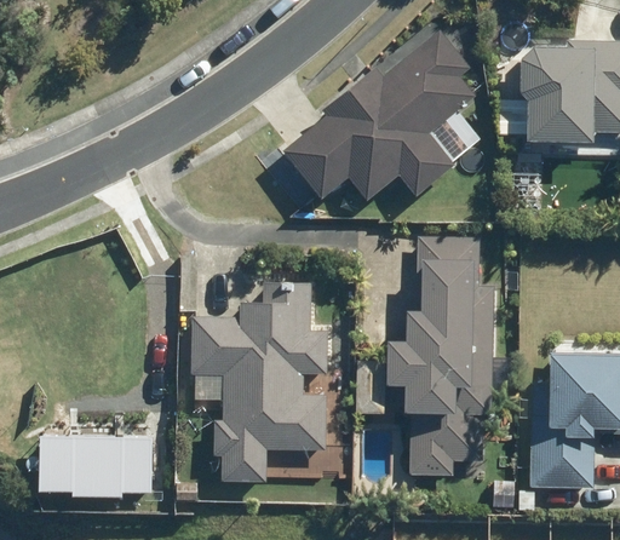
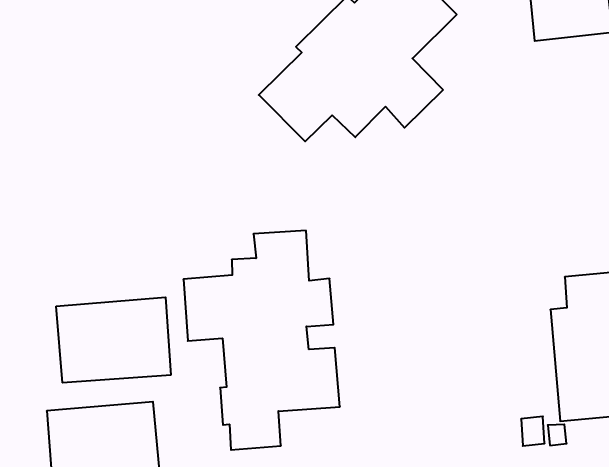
building: [385,237,493,477] -> none
building: none -> [56,297,171,383]

